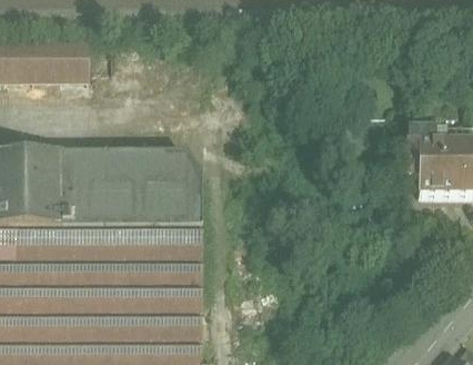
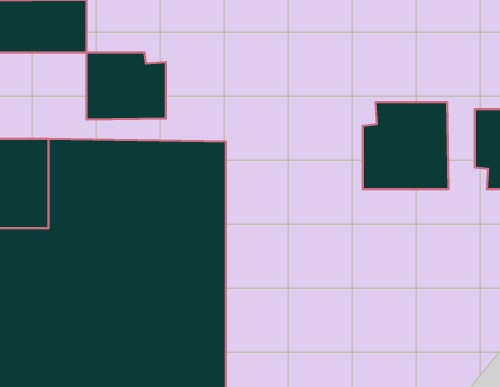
building: none -> [86,52,166,120]
building: none -> [363,102,448,189]

